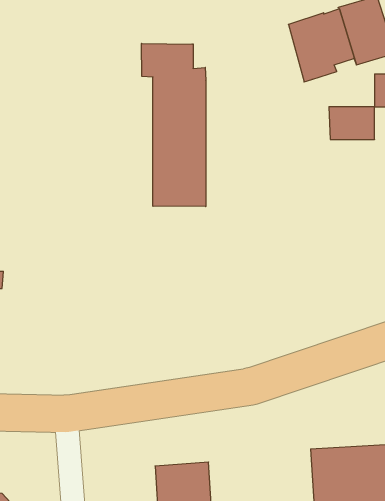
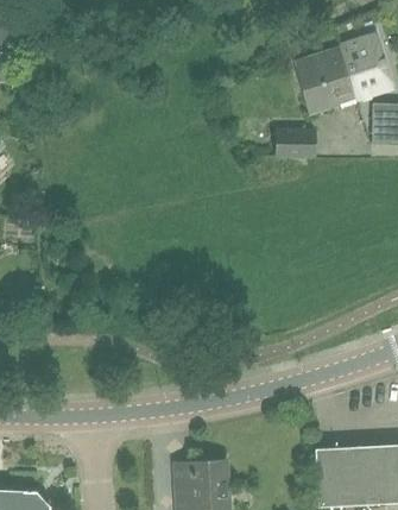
building: [142,43,206,207] -> none
building: [329,107,375,139] -> [273,128,315,158]

